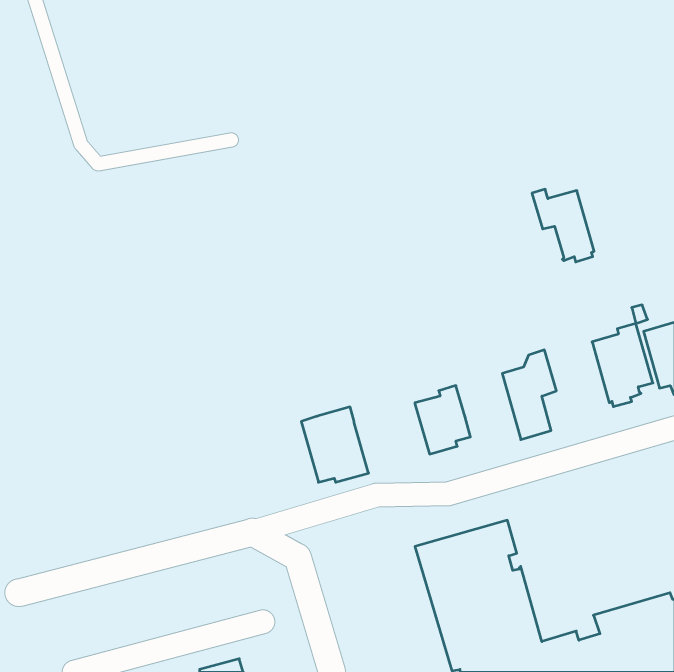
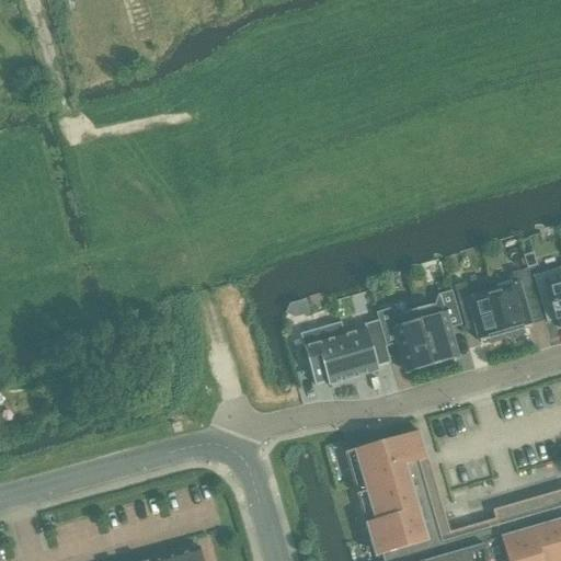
building: [532,189,594,262] -> [455,283,506,343]
building: none -> [377,309,433,371]
building: [301,407,369,482] -> [301,322,357,385]

